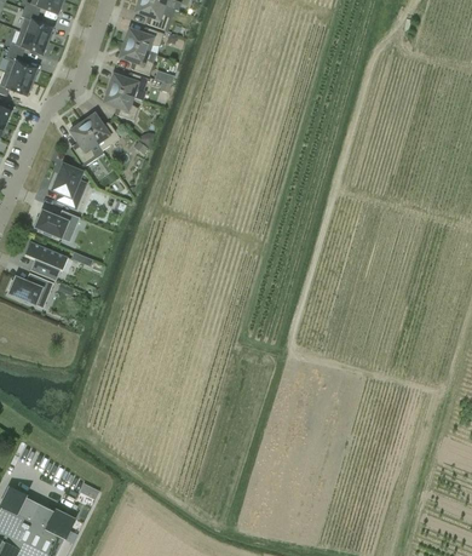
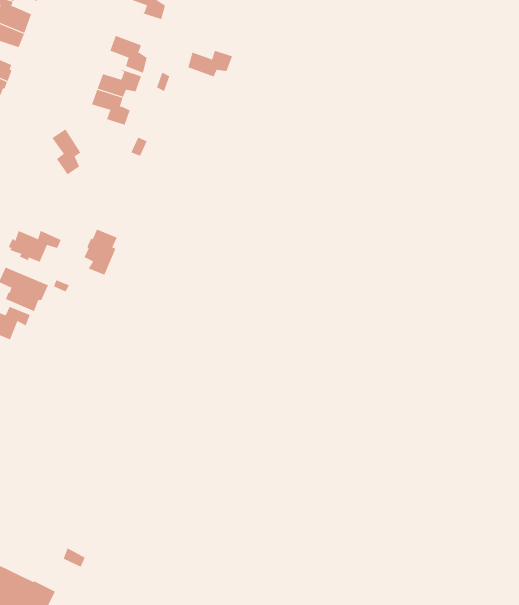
building: [125,27,163,51] -> [187,49,233,77]
building: [82,114,120,145] -> none
building: [52,165,81,205] -> [84,229,118,276]

